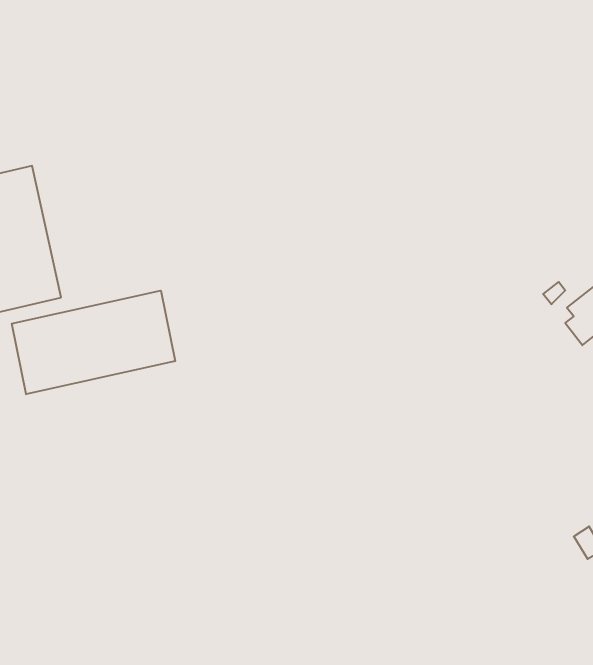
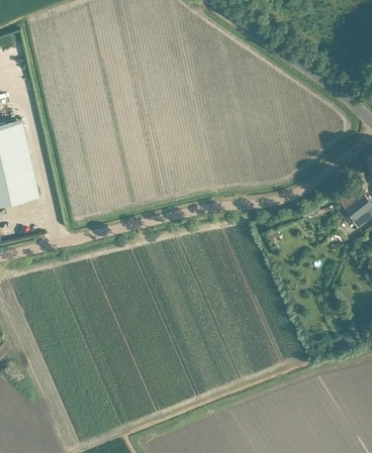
building: [12,291,175,394] -> none

